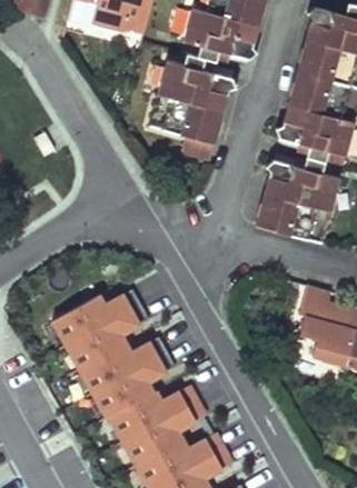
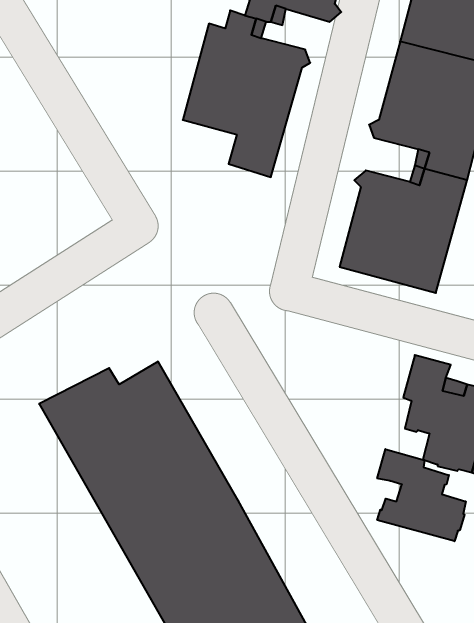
building: none -> [377,449,466,541]

